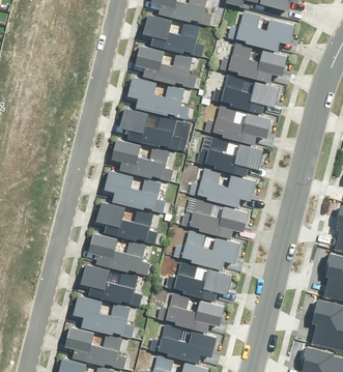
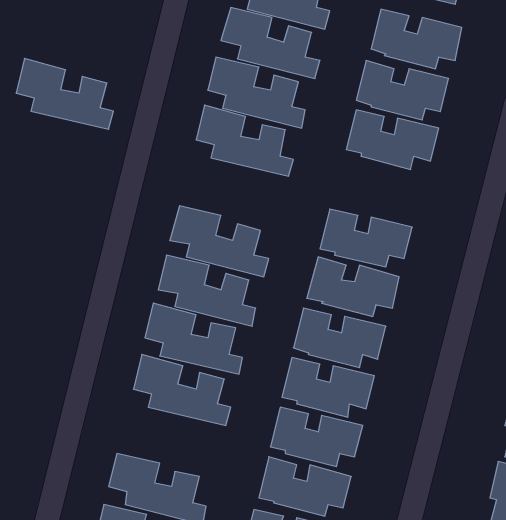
building: [119,105,180,149] -> [16,58,113,129]
building: [215,108,273,144] -> none
building: [81,261,142,306] -> none

